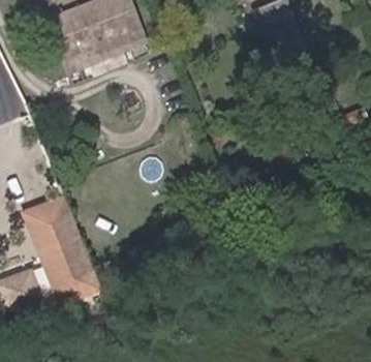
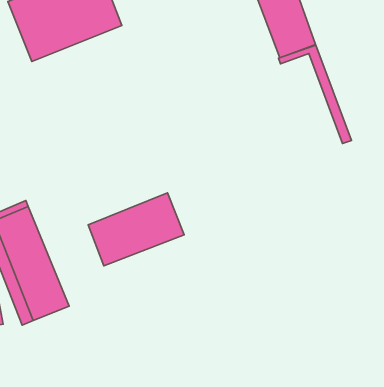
building: none -> [278,45,352,144]
building: none -> [88,193,184,266]

